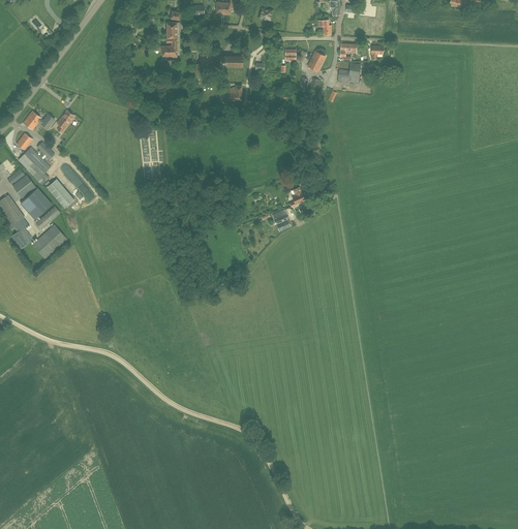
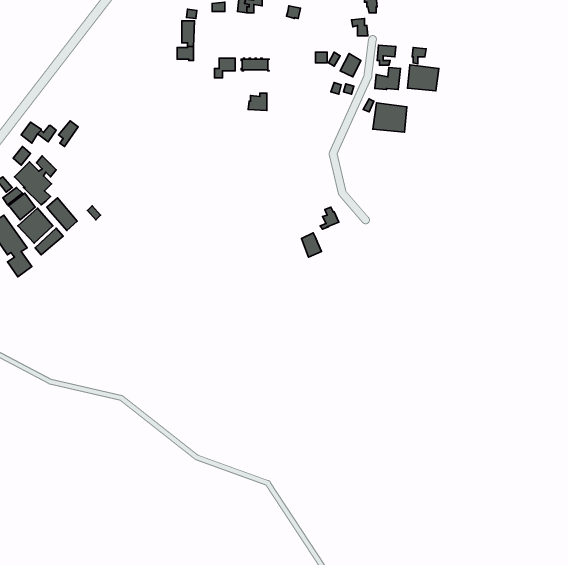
building: none -> [408,65,439,91]
building: none -> [373,103,407,132]
building: [31,224,66,258] -> none

